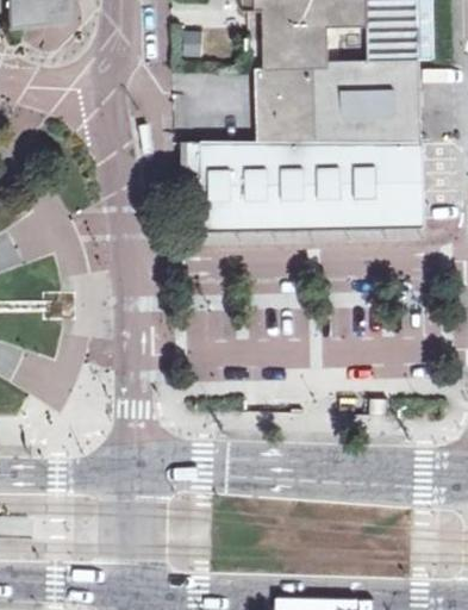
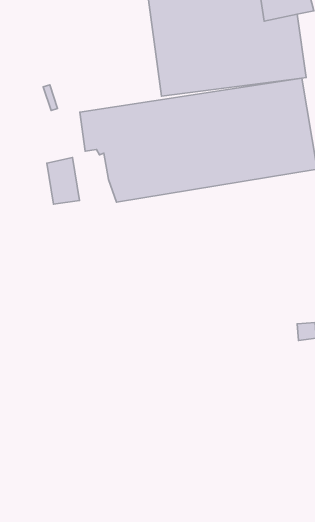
building: none -> [47,157,80,204]

